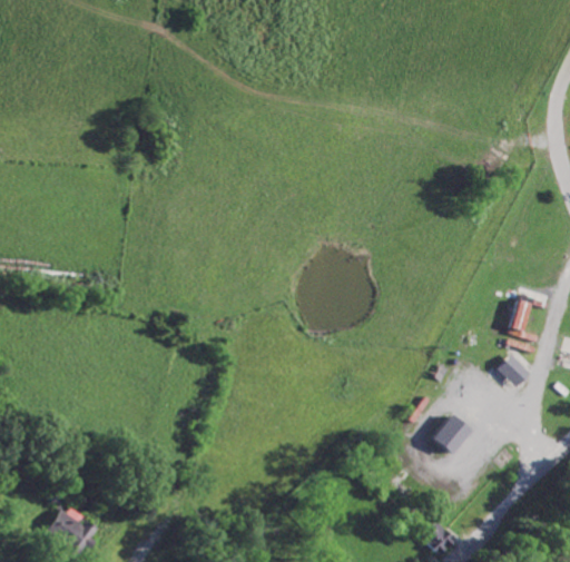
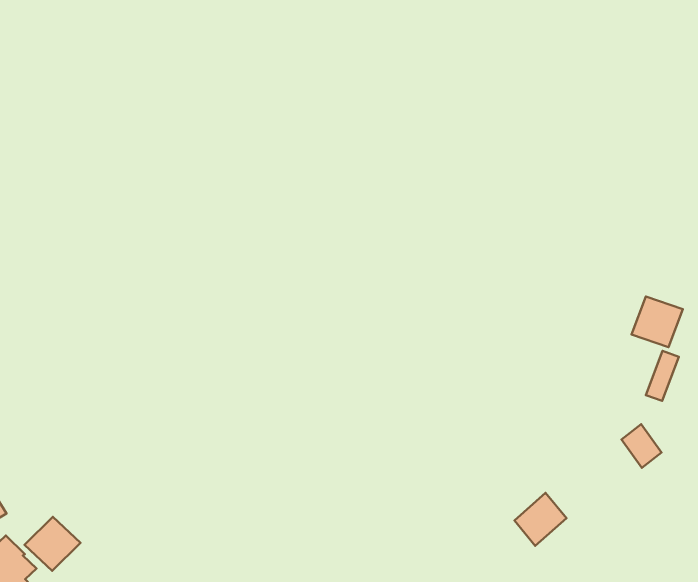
building: none -> [631,296,683,347]
building: none -> [25,517,80,571]

